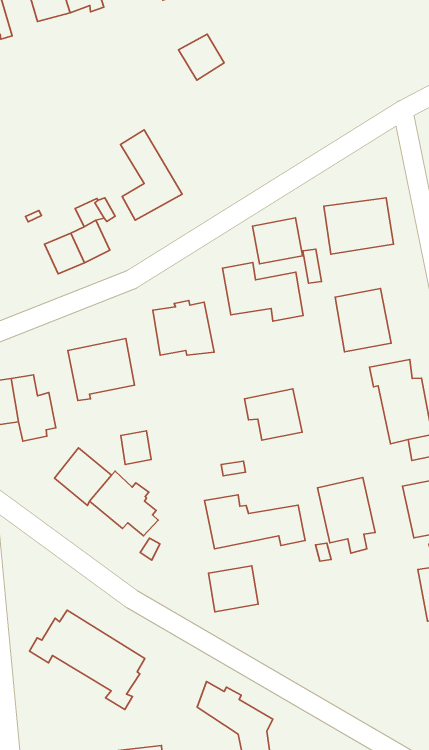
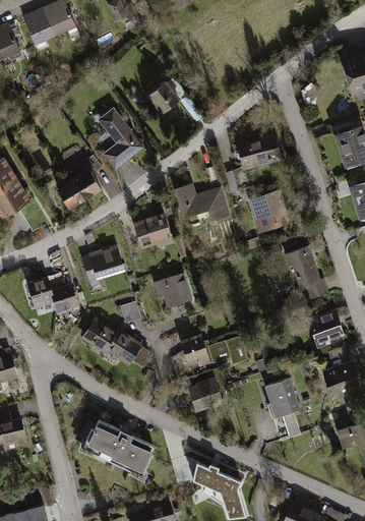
building: [178,34,224,80] -> [148,79,179,110]
building: [253,218,302,264] -> none
building: [245,389,302,440] -> [154,273,193,308]
building: [318,478,375,553] -> [261,374,302,424]

